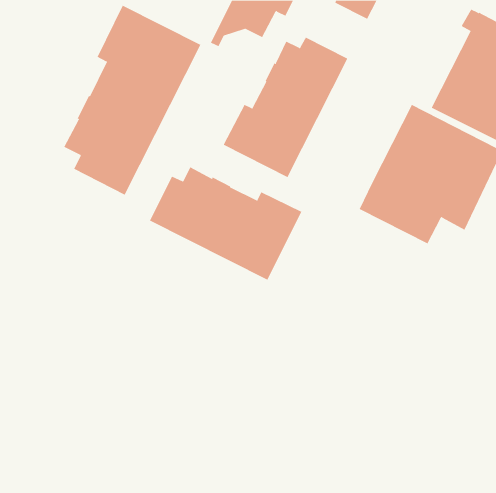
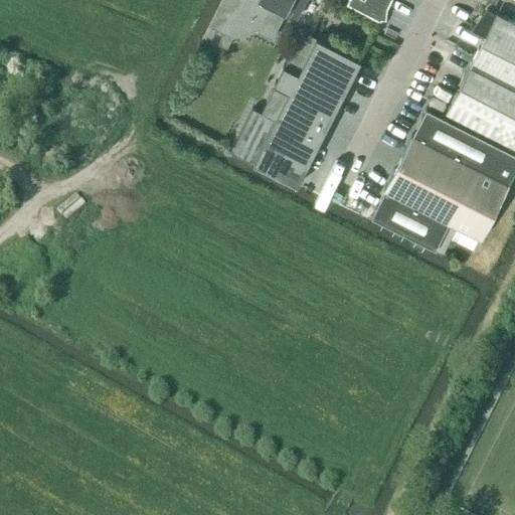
building: [64,5,201,195] -> none
building: [149,166,302,281] -> none

